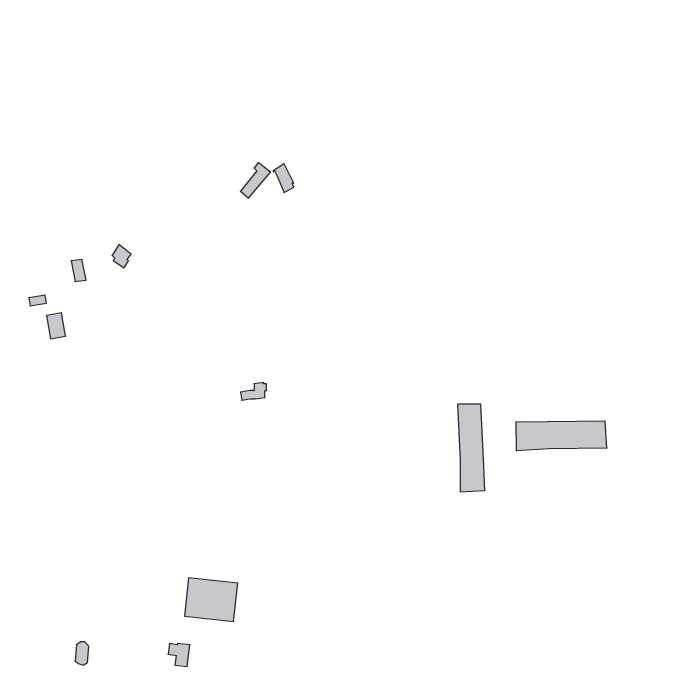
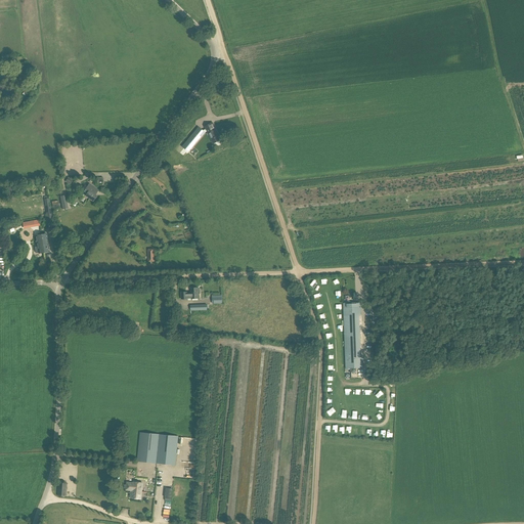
building: [516,421,606,451] -> none

